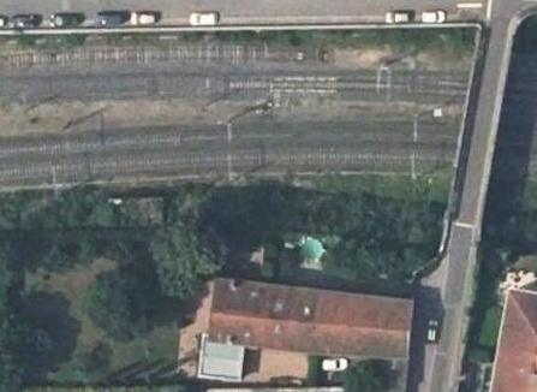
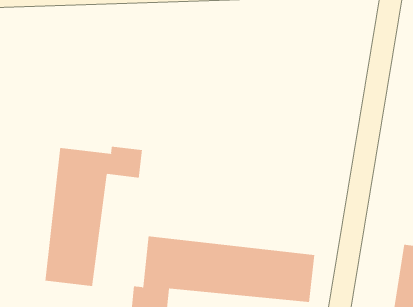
building: none -> [45,146,142,287]

